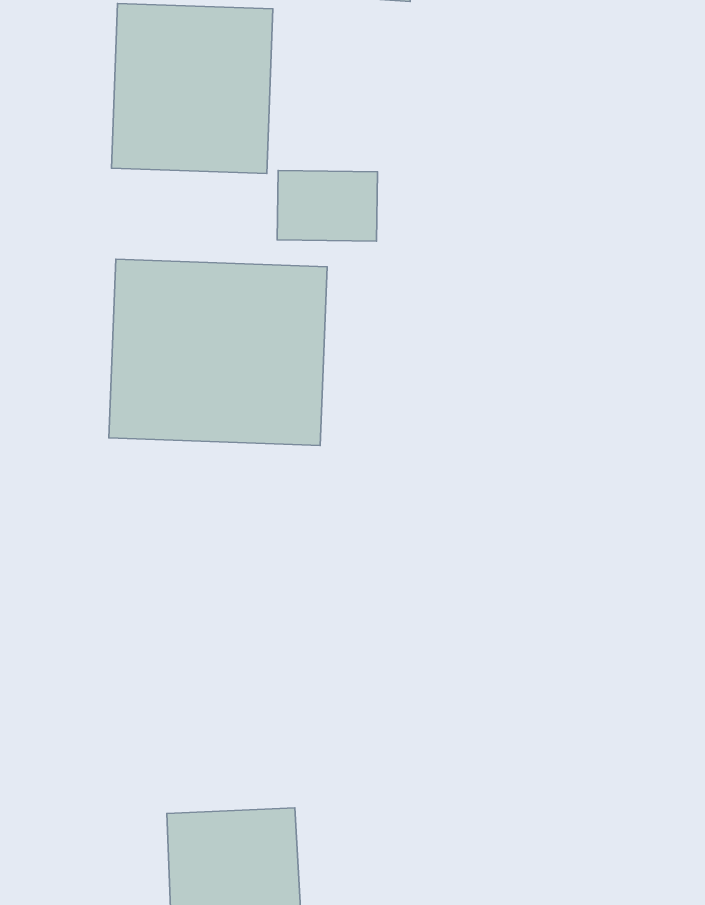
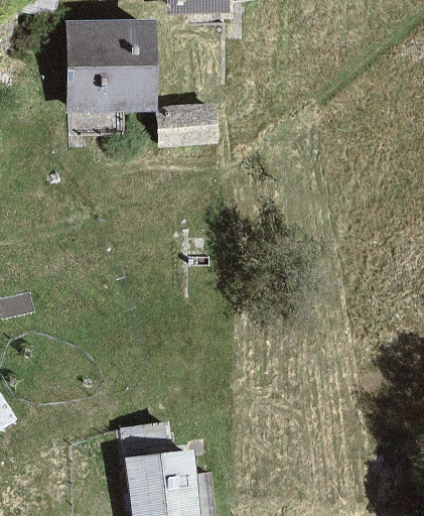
building: [109,259,327,445] -> none

